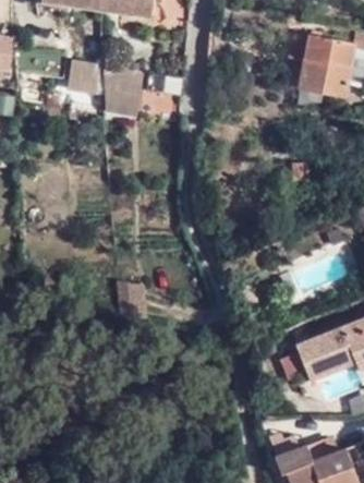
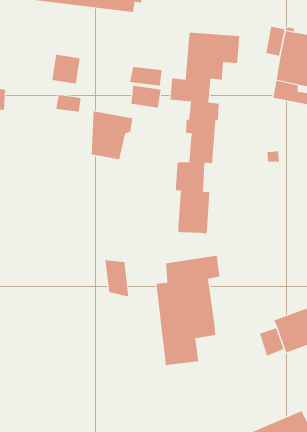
building: none -> [170,32,240,234]
building: [101,67,146,118] -> [91,111,133,160]
building: none -> [156,255,220,366]

